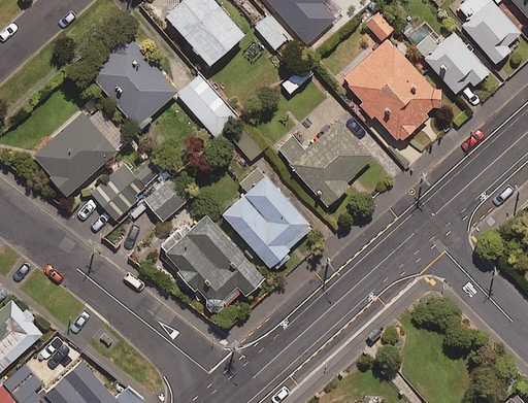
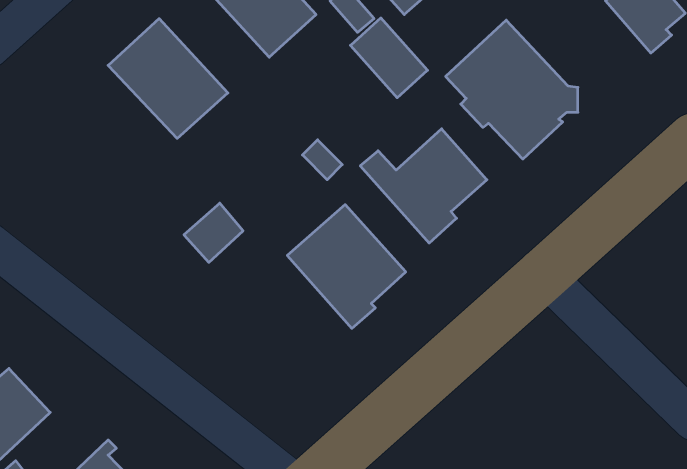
building: [415,33,488,94] -> none
building: [178,76,236,136] -> [350,18,428,98]
building: [31,113,116,197] -> none
building: [96,162,157,215] -> none
building: [160,216,264,315] -> none

